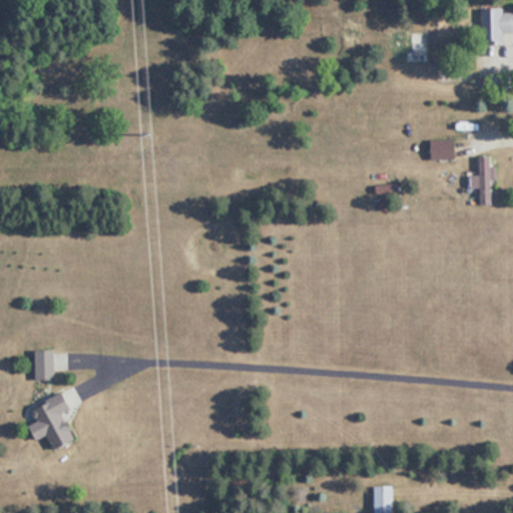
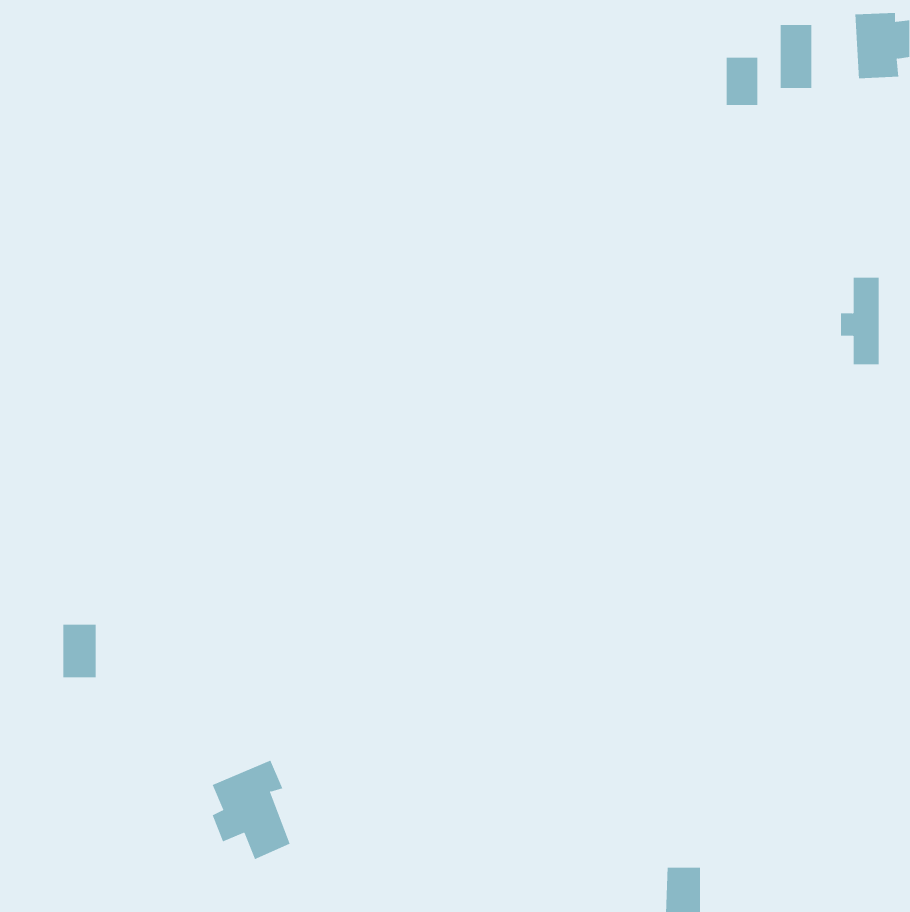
building: none -> [780,24,812,89]
building: [431,140,456,159] -> none
building: [30,395,74,451] -> [212,760,290,860]

